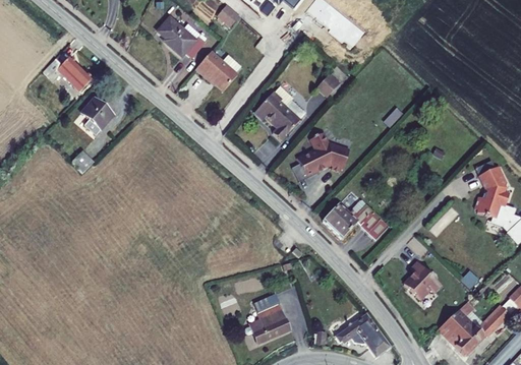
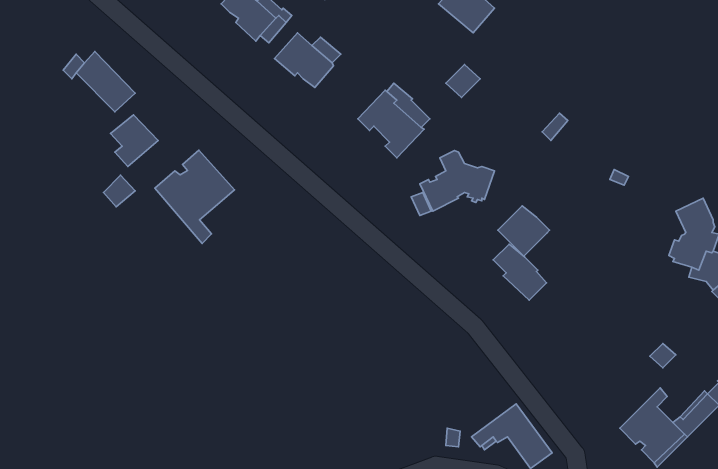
building: none -> [155,150,235,243]
building: [323,202,359,238] -> [498,206,550,256]
building: [404,262,443,301] -> none
building: [249,292,292,343] -> none

